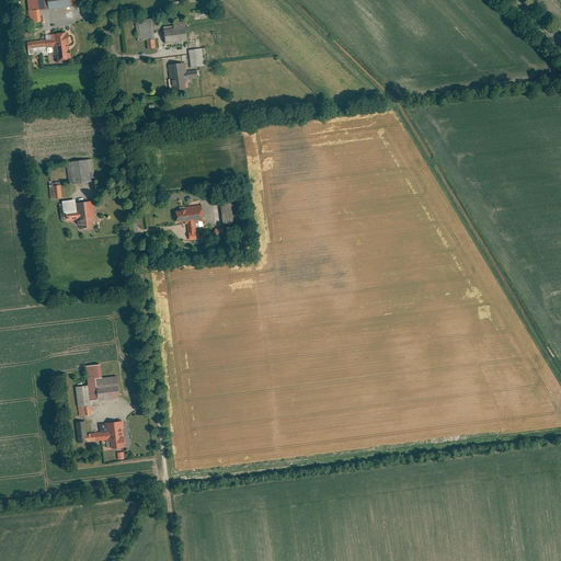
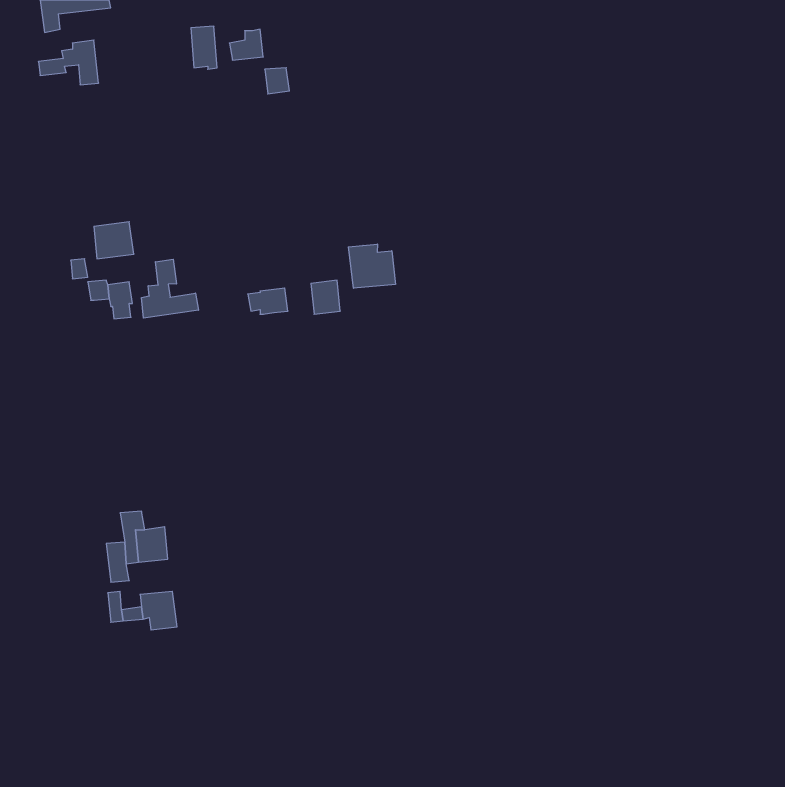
building: [169,62,198,91] -> none
building: none -> [348,244,395,288]
building: none -> [142,259,198,318]

